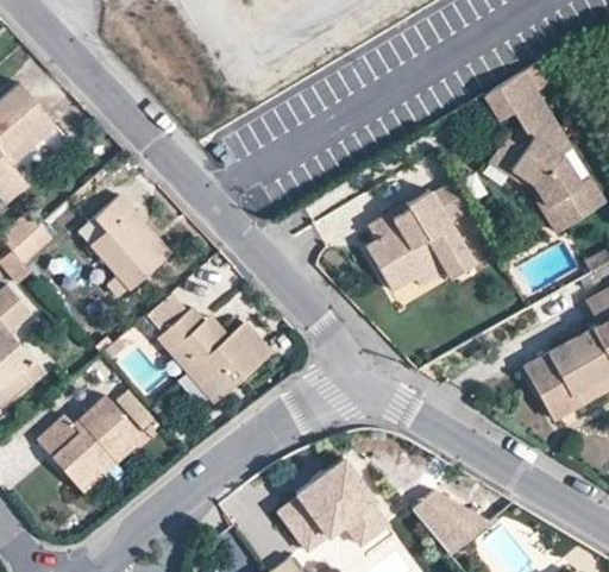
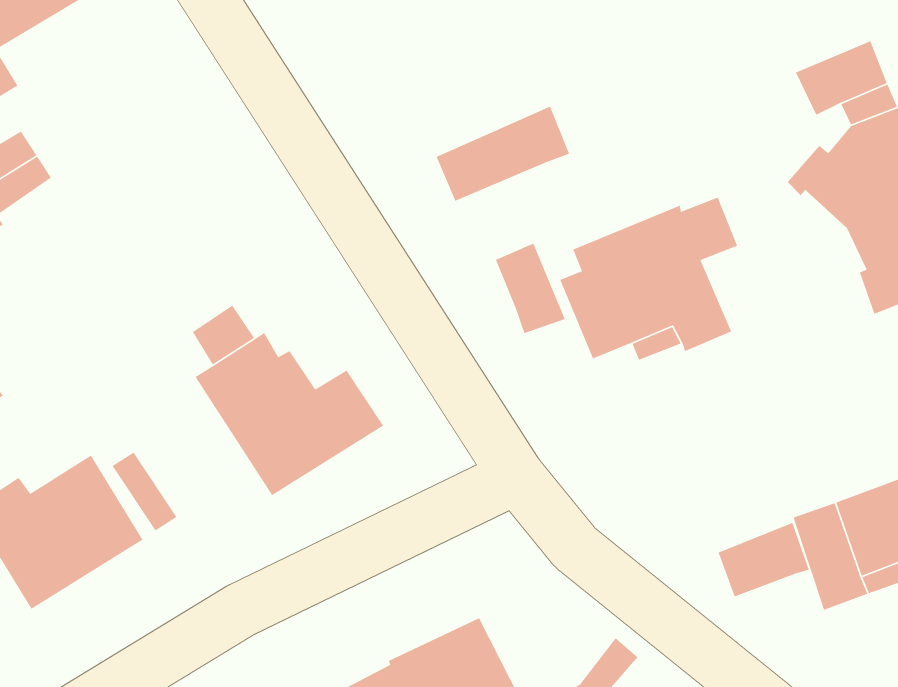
building: none -> [435,106,570,202]
building: [90,193,172,296] -> none
building: none -> [495,242,566,334]
building: none -> [718,522,810,598]

